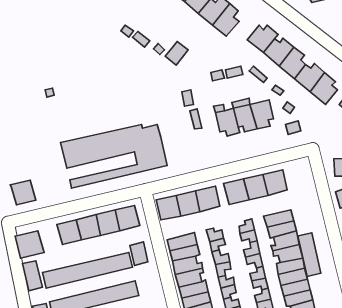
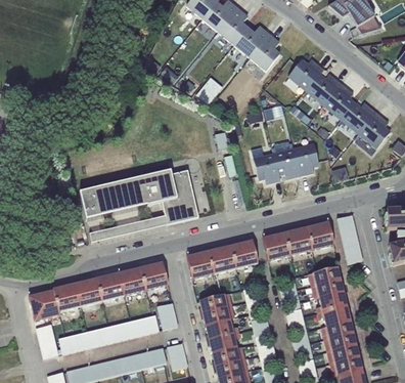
building: [10,180,36,205] -> [53,283,82,310]
building: [298,233,321,277] -> [338,214,363,263]
building: none -> [168,342,188,369]

